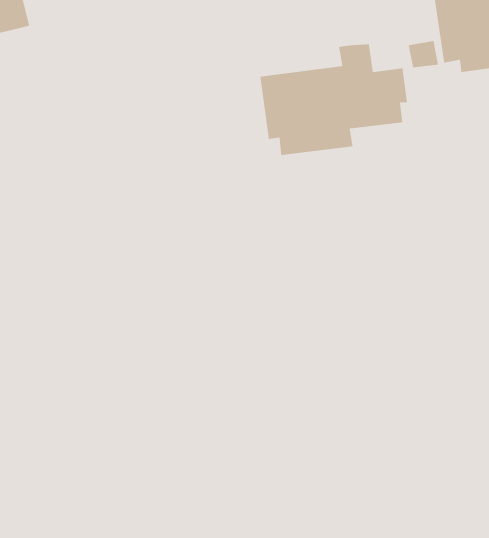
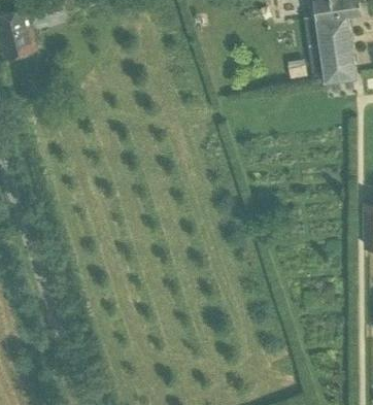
building: [259,43,408,156] -> none

